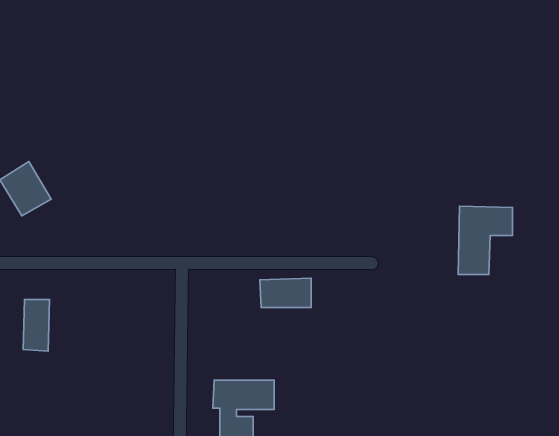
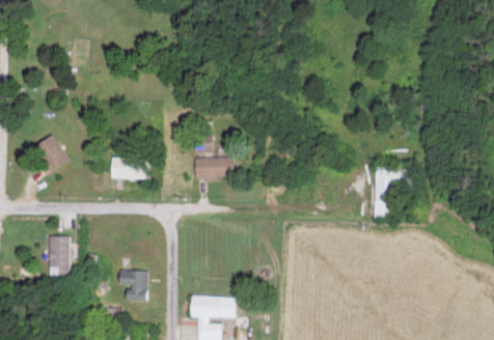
building: none -> [110,158,154,179]
building: [260,278,311,308] -> [196,157,235,178]
building: none -> [117,270,148,301]

